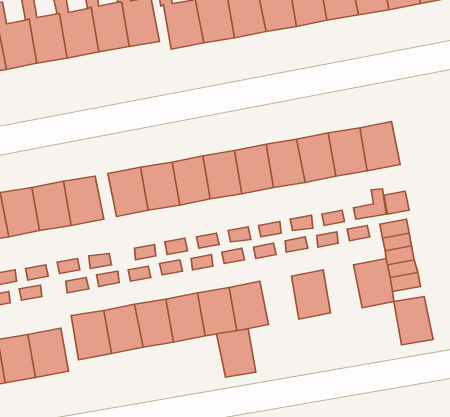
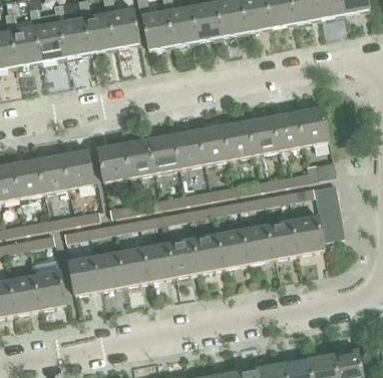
building: [394,296,433,345] -> [268,220,299,258]
building: [217,329,256,377] -> [218,229,249,267]

